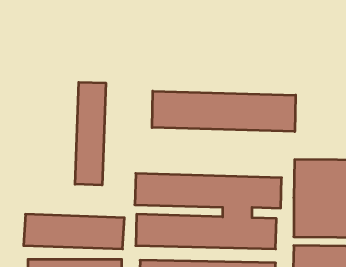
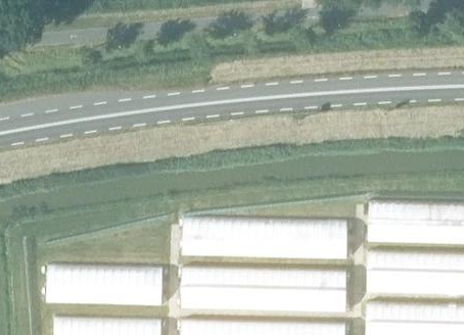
building: [75,82,106,185] -> none
building: [152,91,296,132] -> none

